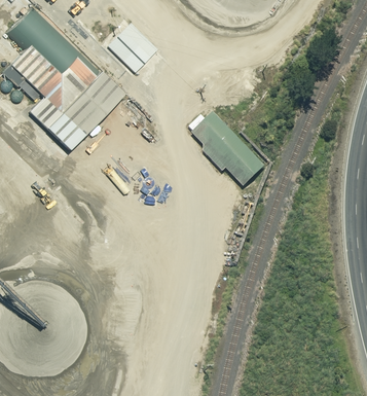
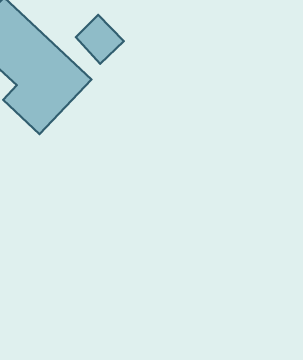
building: [190,114,267,188] -> none

